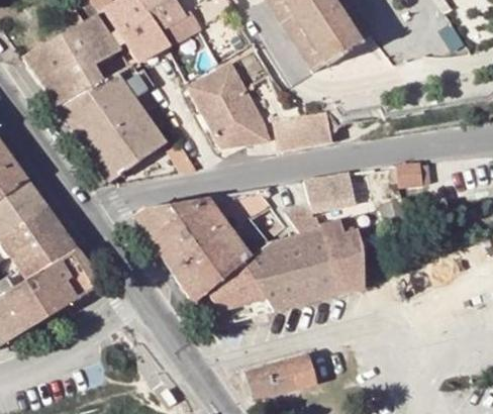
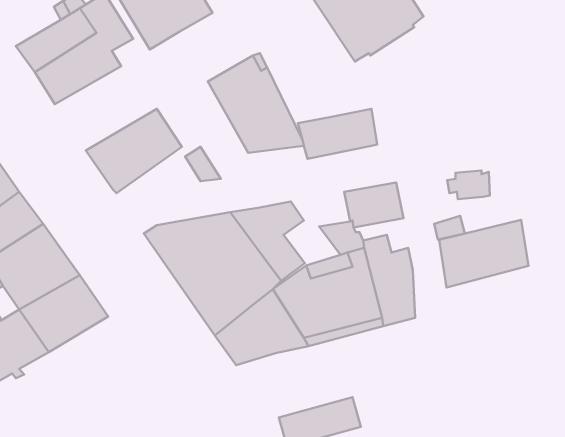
building: [57,64,156,145] -> none
building: none -> [439,220,528,287]

